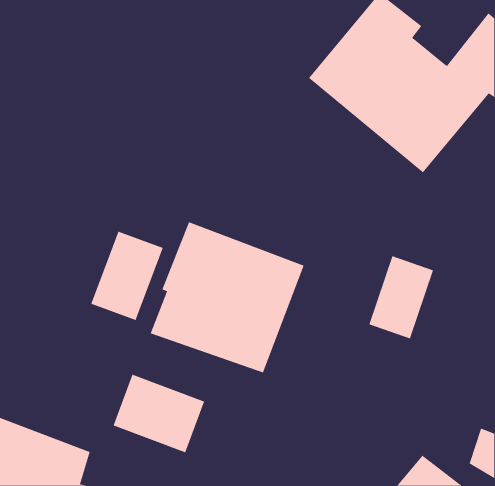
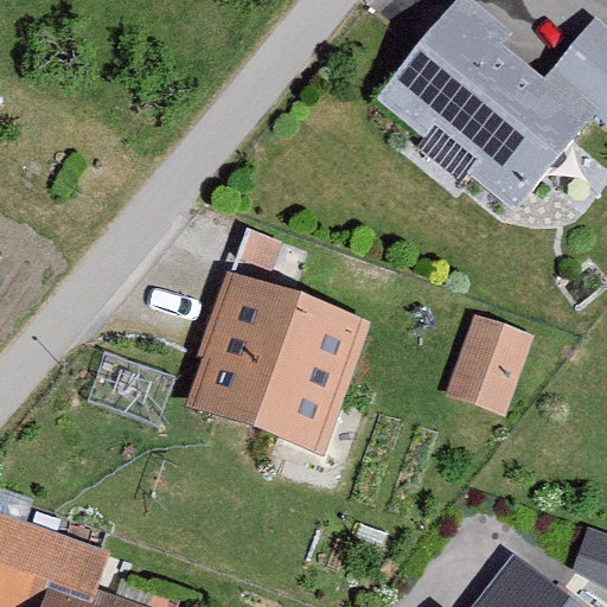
building: [90,231,164,321] -> none
building: [113,374,205,453] -> none

